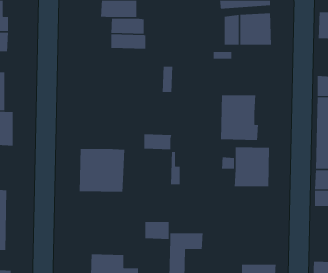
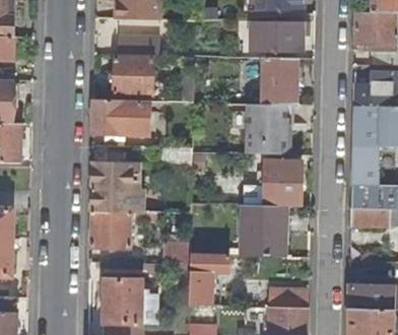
building: none -> [115,57,152,95]
building: none -> [262,57,298,106]
building: none -> [93,100,146,135]
building: none -> [242,205,283,257]
building: none -> [90,211,157,247]

